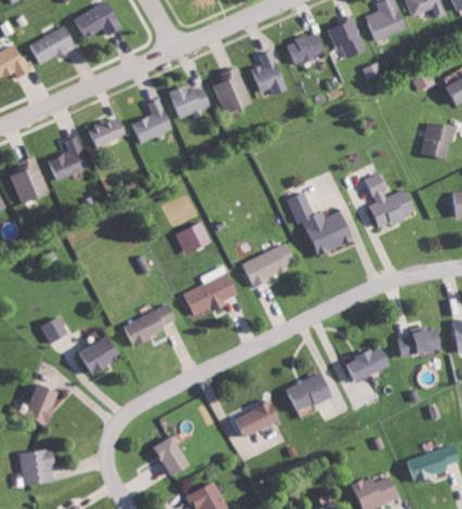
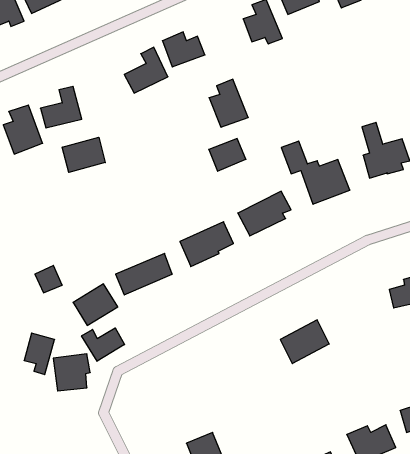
building: [212,66,251,114] -> [209,79,248,127]
building: [86,117,126,147] -> none
building: none -> [62,137,105,172]
building: [174,222,211,254] -> [209,139,246,171]
building: [345,346,390,381] -> none
building: none -> [82,328,125,361]
building: [233,400,282,438] -> none
building: [155,434,191,476] -> none
building: [18,448,55,485] -> [53,354,90,391]

